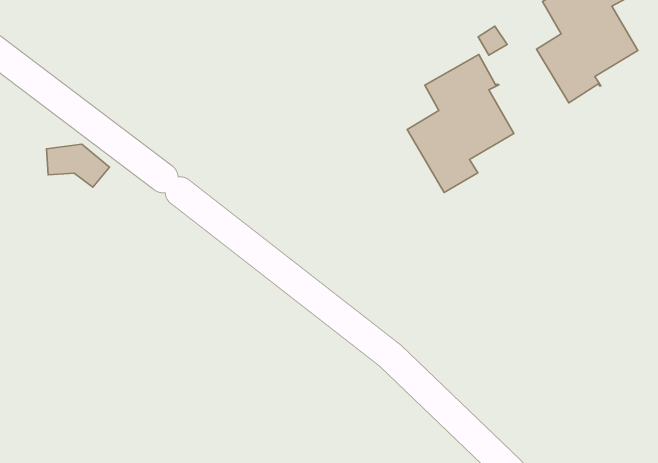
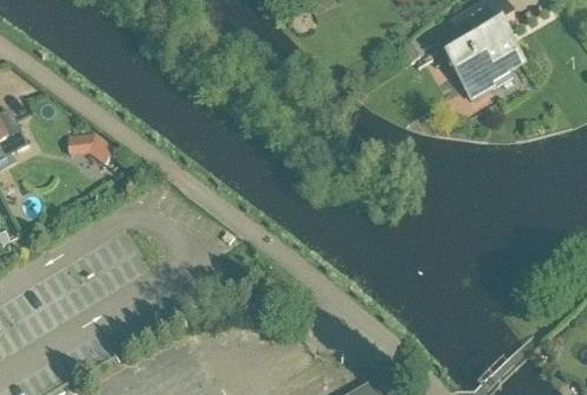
building: [407,54,514,192] -> none

